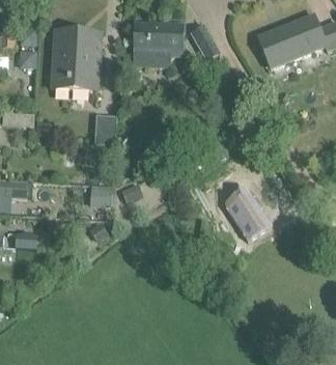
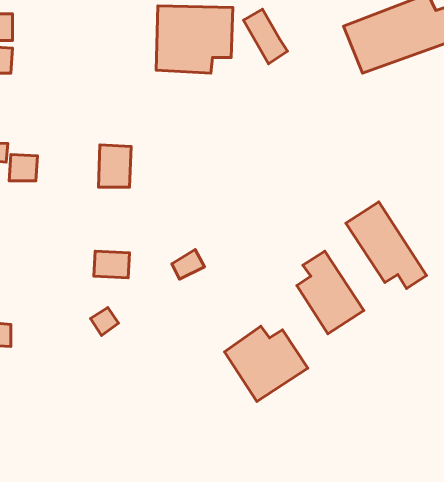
building: [51,28,100,89] -> none
building: none -> [346,202,426,288]
building: none -> [224,326,308,401]

